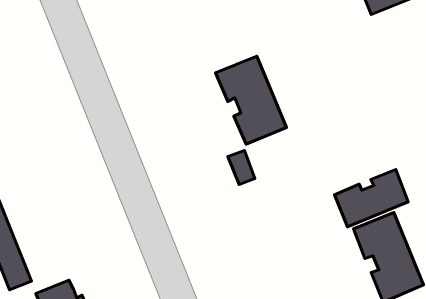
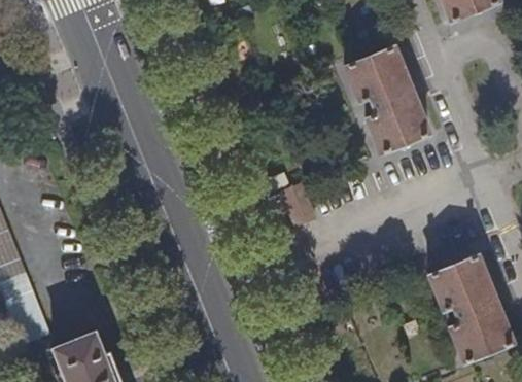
building: [216,56,286,144] -> [345,47,428,151]
building: [335,170,408,227] -> none

